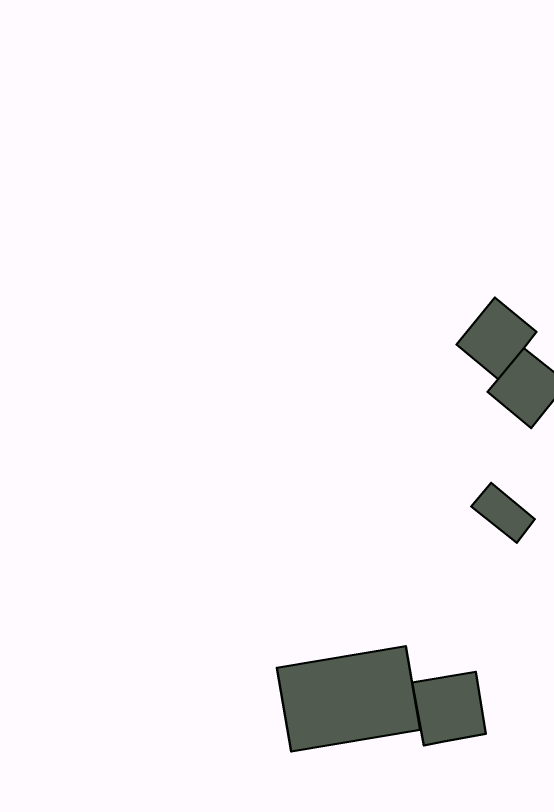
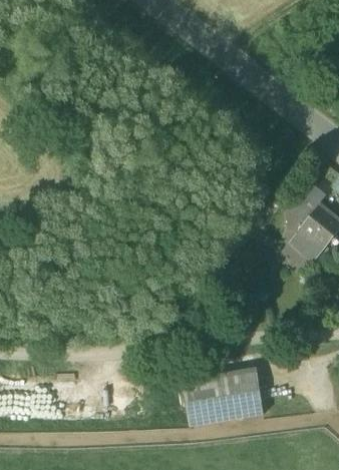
building: [471,483,535,543] -> [287,228,322,262]
building: [412,672,486,746] -> none

